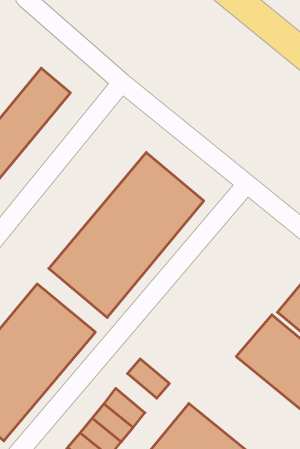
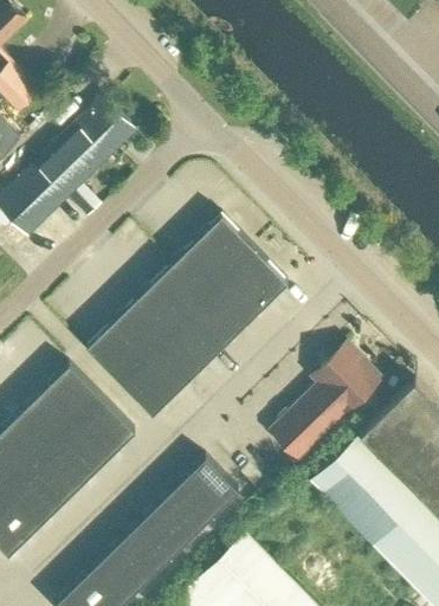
building: none -> [271,346,380,460]
building: none -> [188,456,238,507]
building: none -> [154,489,204,540]

